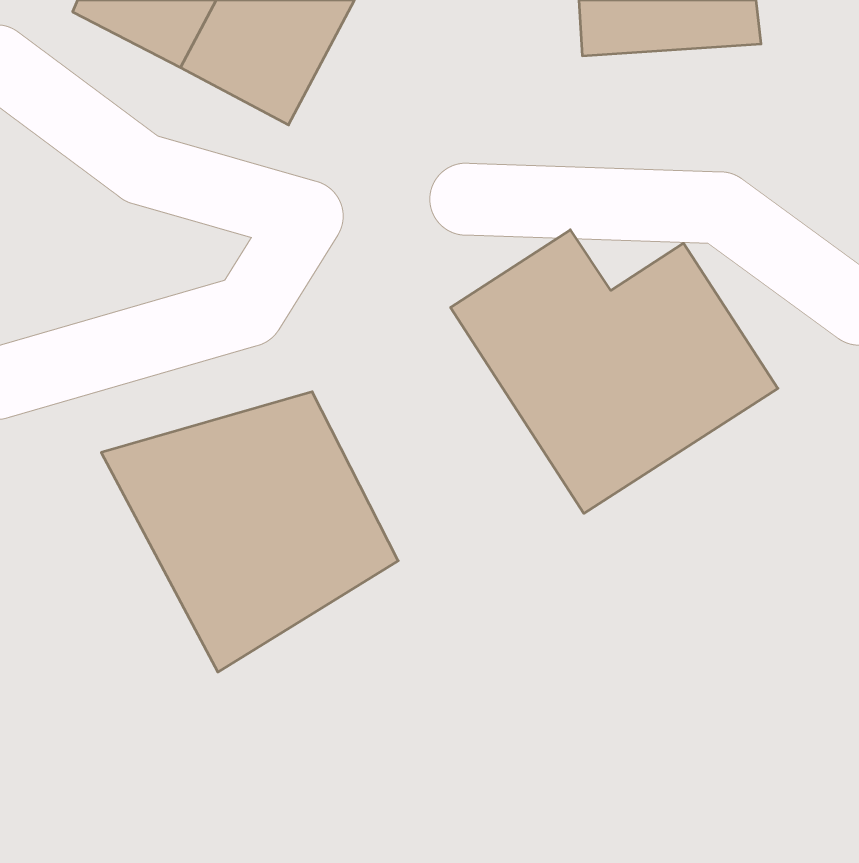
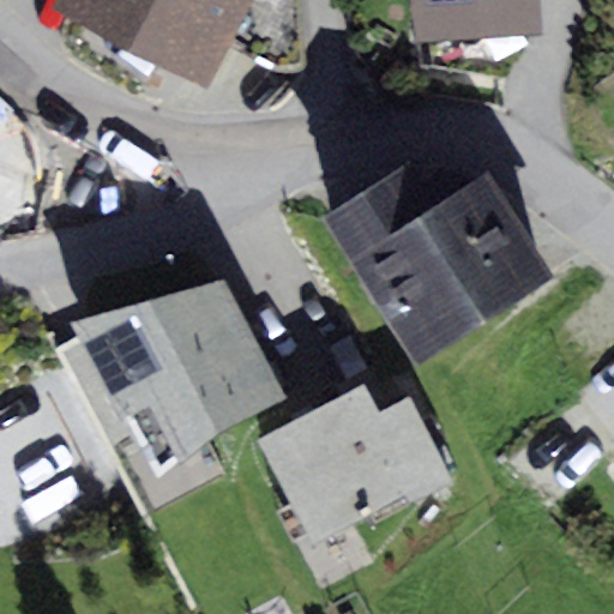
building: none -> [257,384,452,550]

